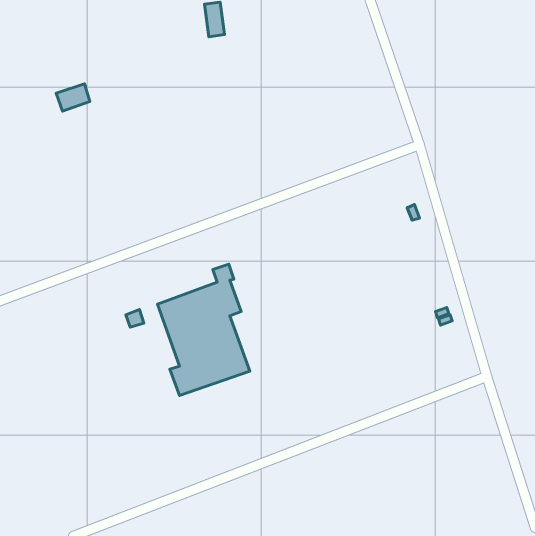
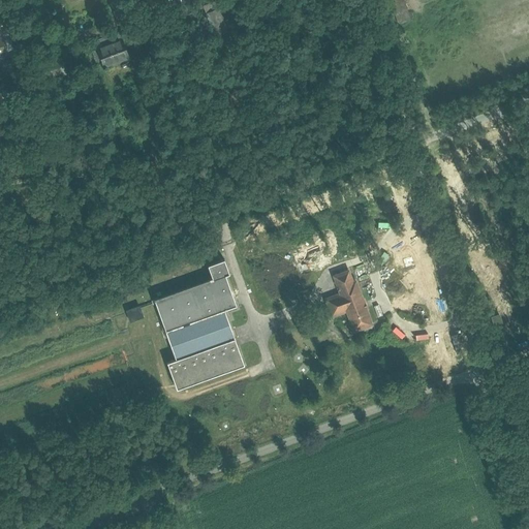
building: [56,84,90,111] -> [98,42,131,69]
building: none -> [321,268,372,333]

